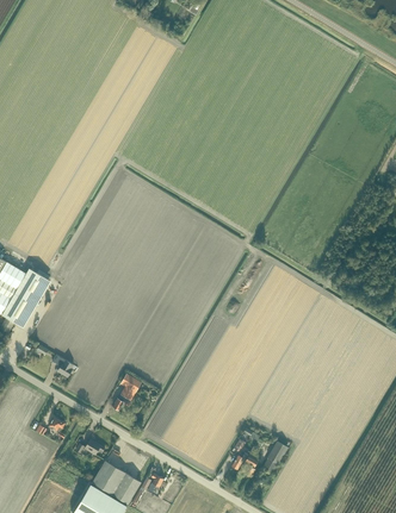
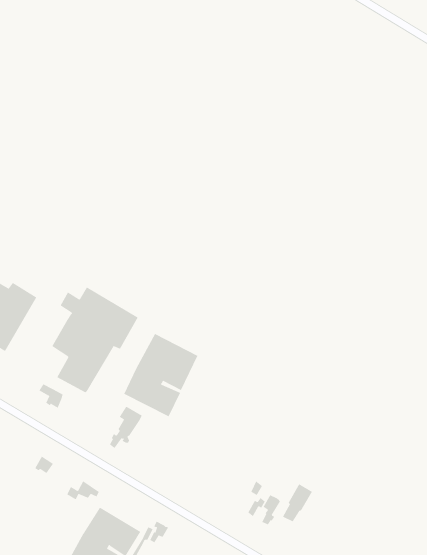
building: none -> [51,287,138,393]
building: none -> [123,333,198,417]

